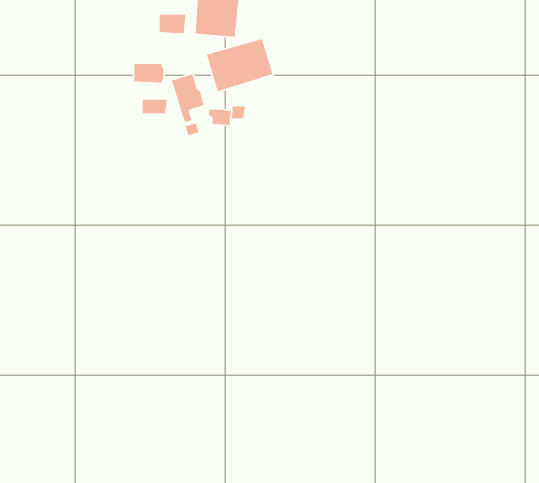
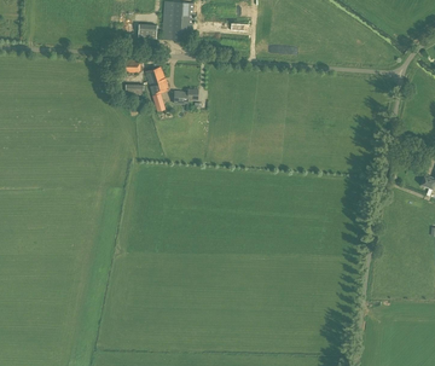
building: [206,38,274,92] -> none

